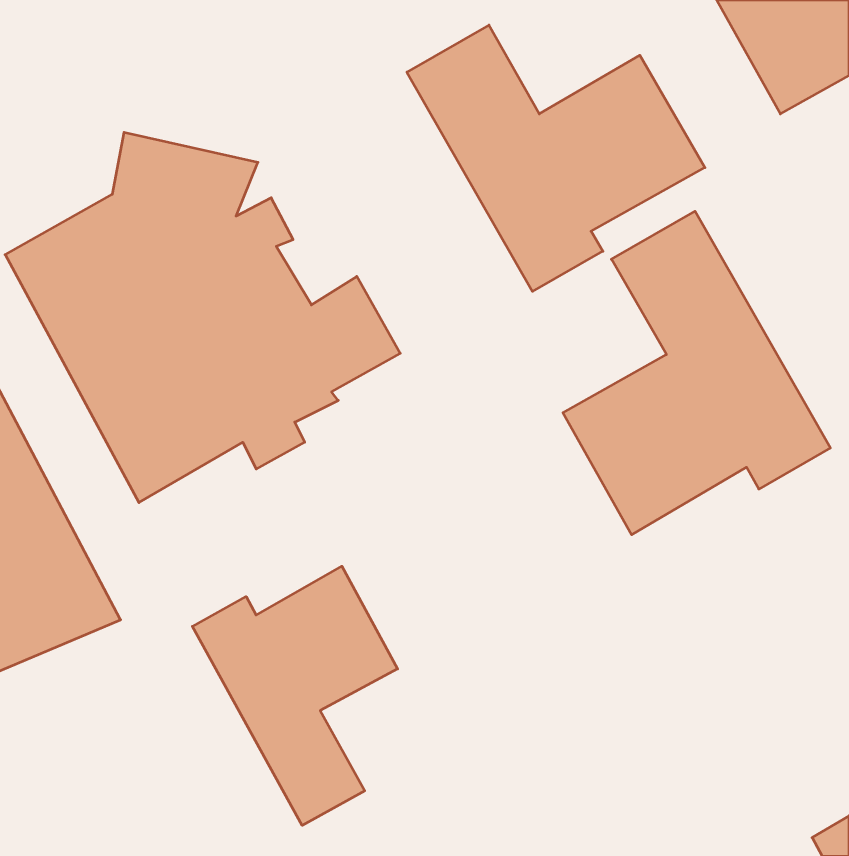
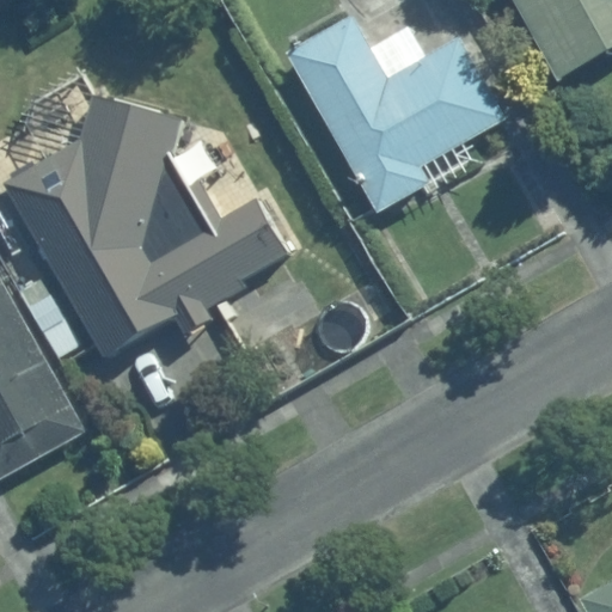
building: [563,211,830,535] -> none
building: [192,566,398,825] -> none

